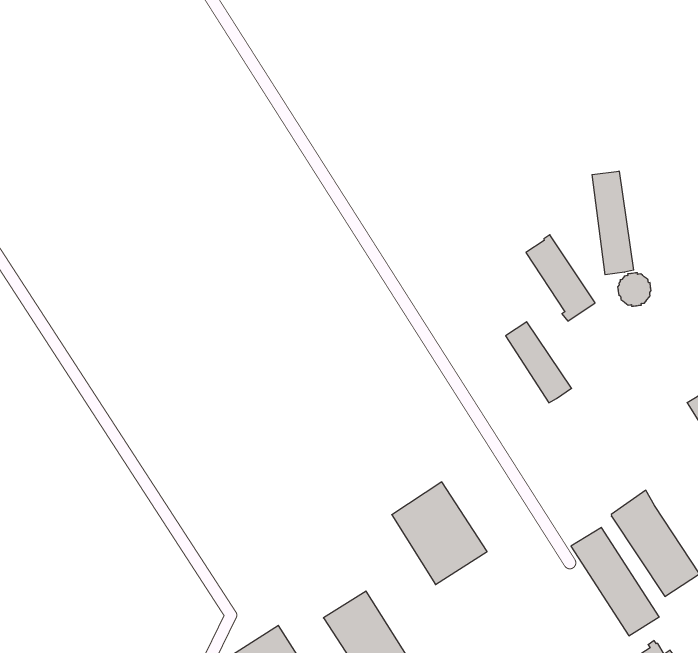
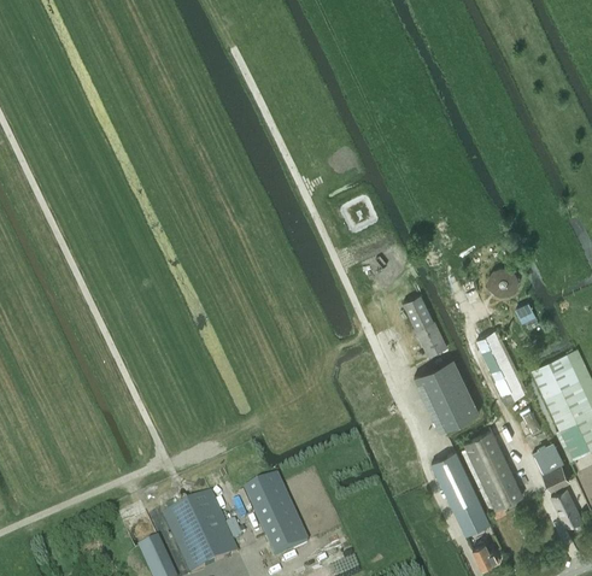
building: [592,171,634,275] -> none
building: [526,235,595,321] -> [477,330,523,395]
building: [392,482,487,585] -> [414,358,480,433]

